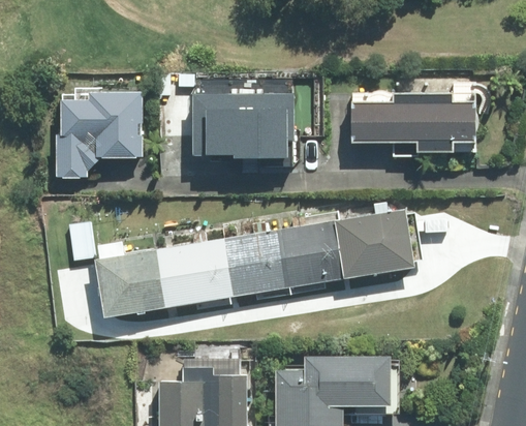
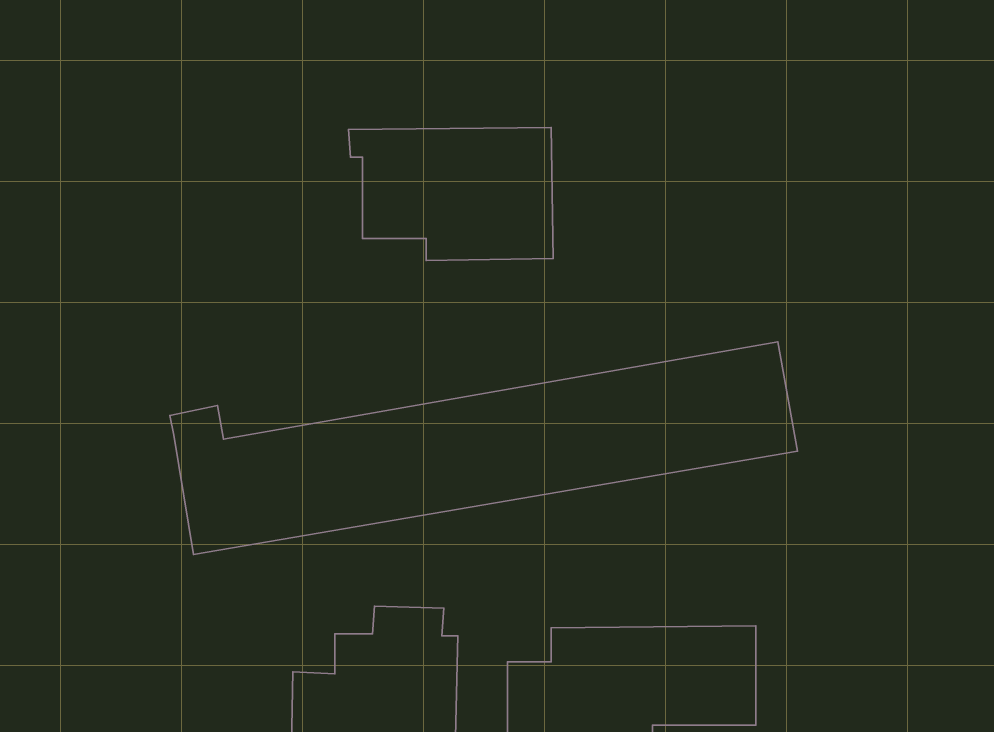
building: [53,85,143,180] -> none
building: [346,90,476,158] -> none

